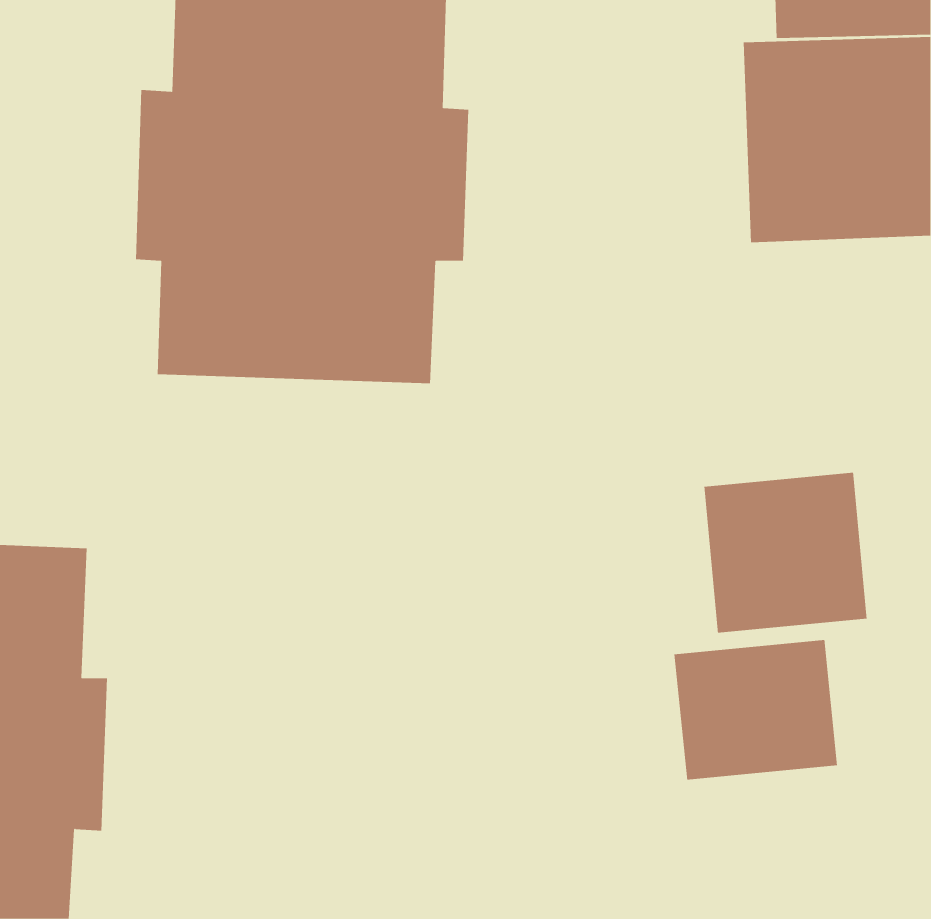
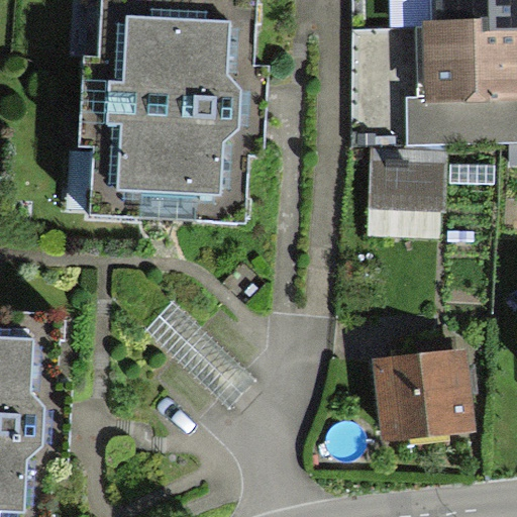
building: none -> [369,157,440,209]
building: [704,472,867,634] -> none

